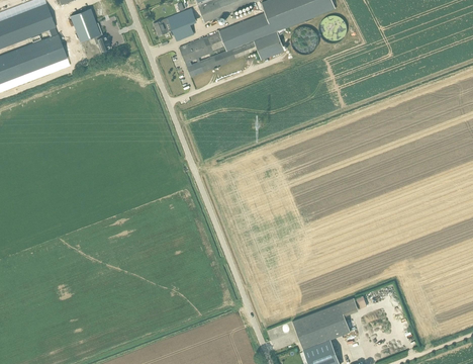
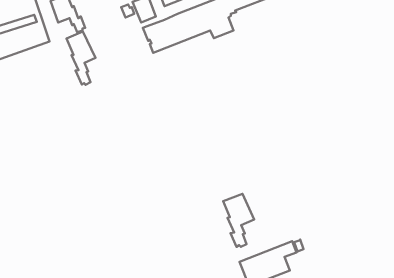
building: none -> [66,31,95,85]
building: none -> [223,194,254,247]

